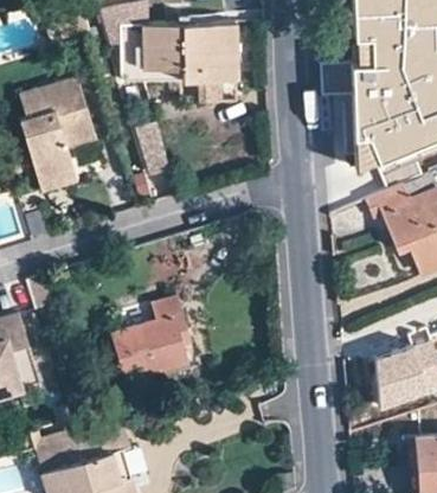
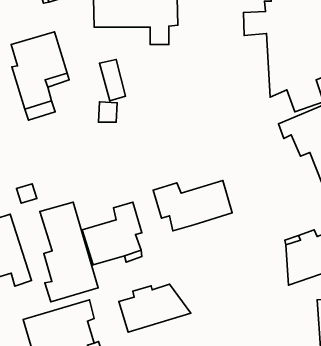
building: none -> [153,180,232,231]
building: none -> [40,202,98,302]
building: none -> [119,284,191,332]

